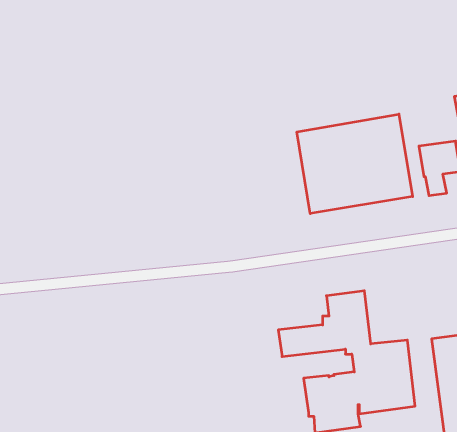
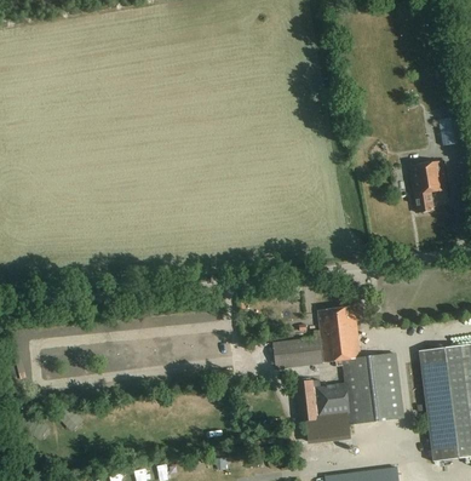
building: [297,114,413,214] -> none

